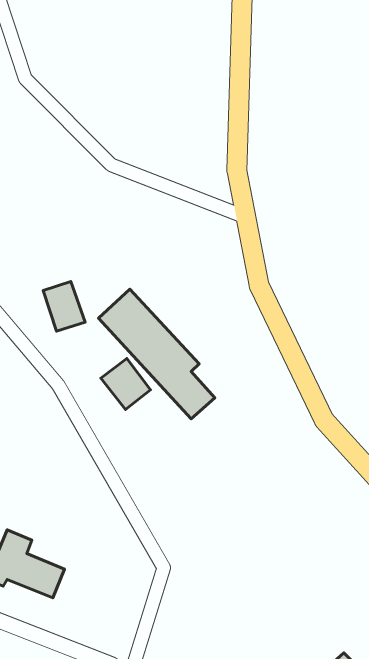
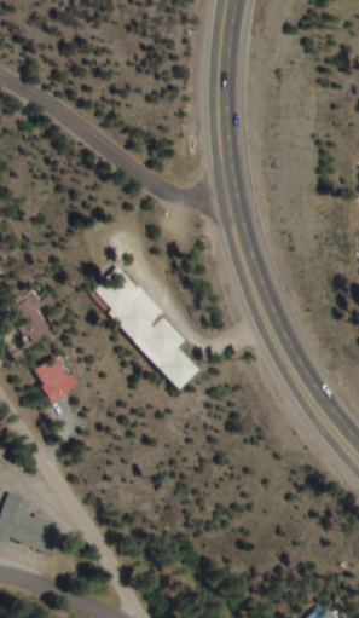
building: [43,281,85,331] -> [13,298,52,343]
building: [101,359,150,410] -> [31,354,77,402]

